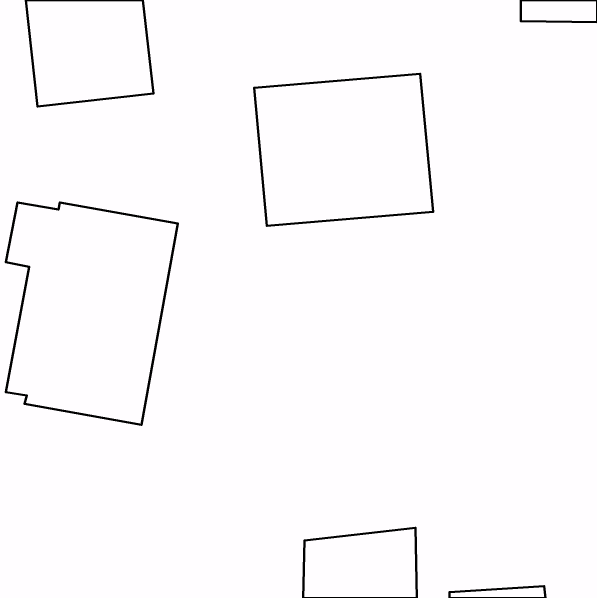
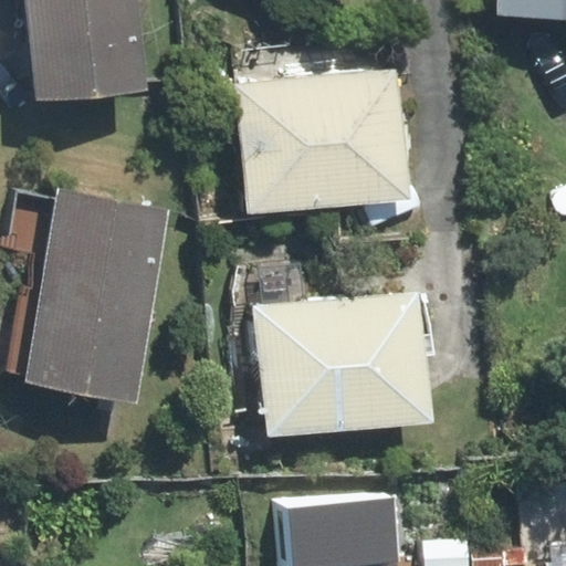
building: none -> [260,293,432,436]

